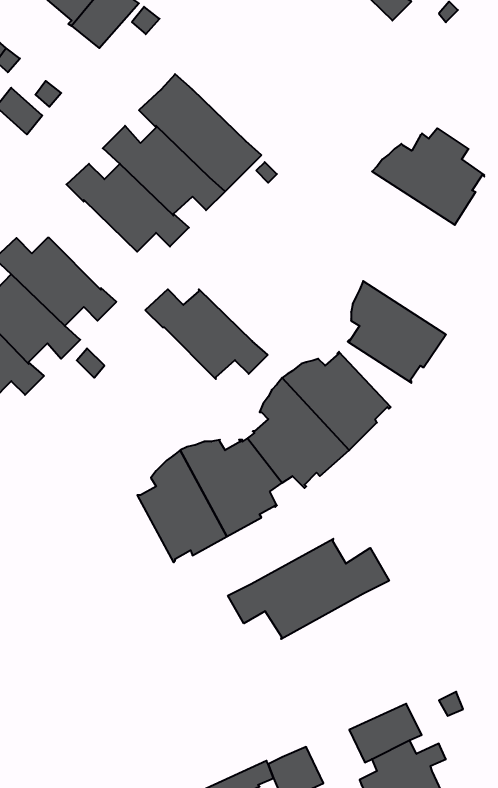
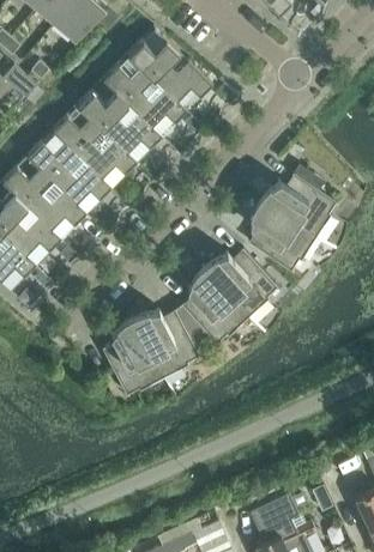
building: none -> [127,28,212,102]
building: [372,128,484,225] -> [258,169,336,236]
building: [145,289,268,379] -> [26,142,111,205]
building: [228,539,389,639] -> none

